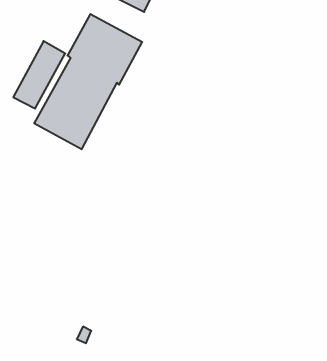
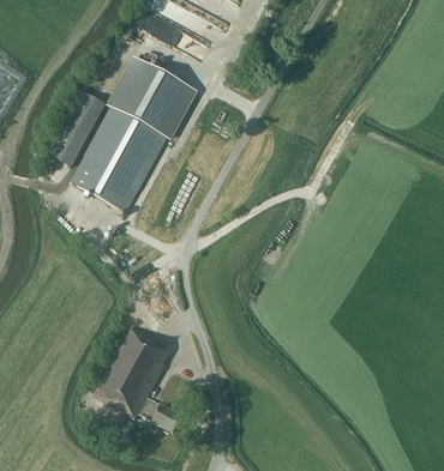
building: none -> [94,327,182,431]

